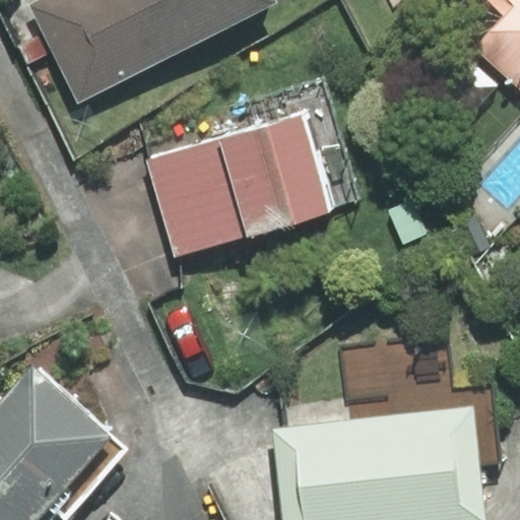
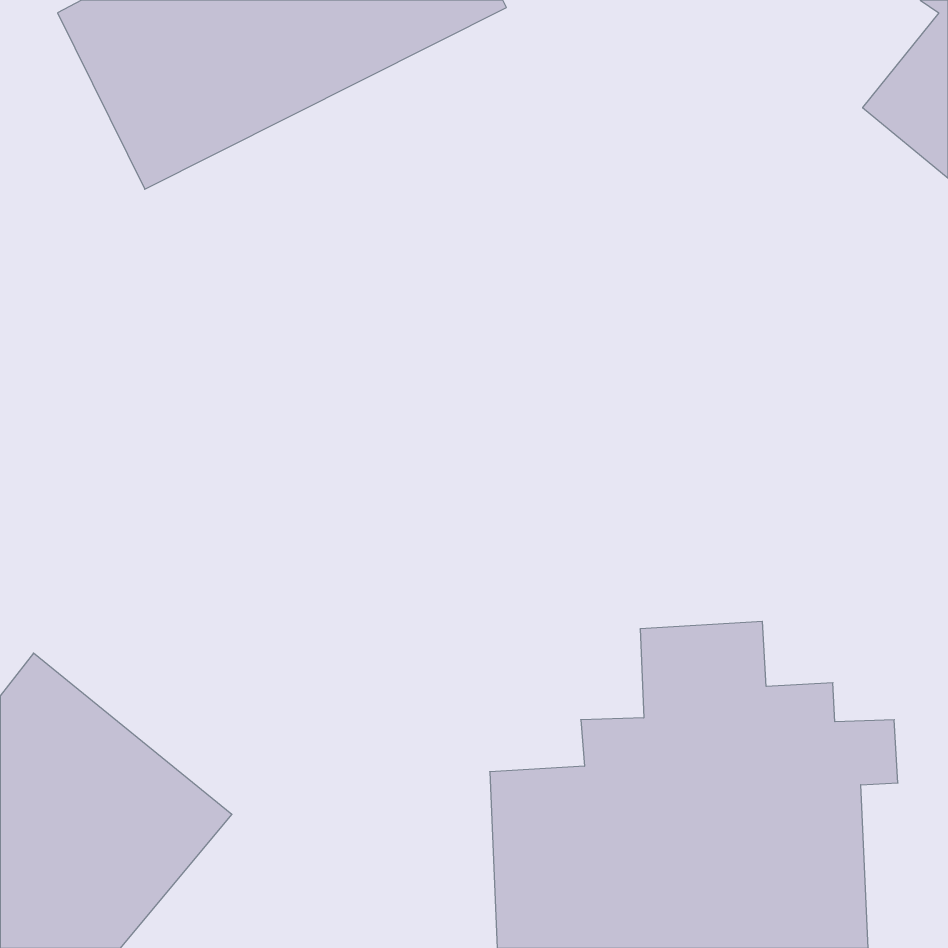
building: [137,113,331,261] -> none

